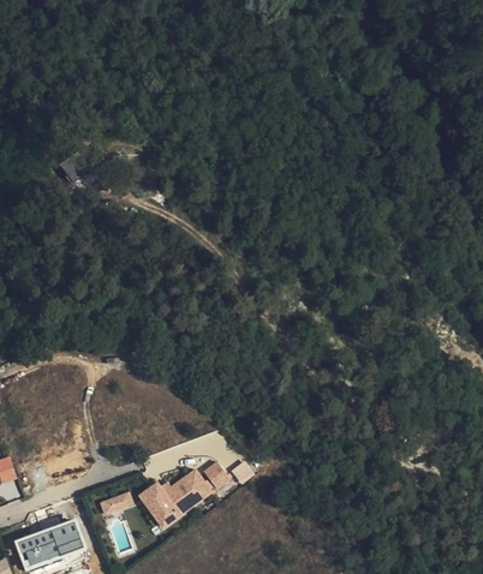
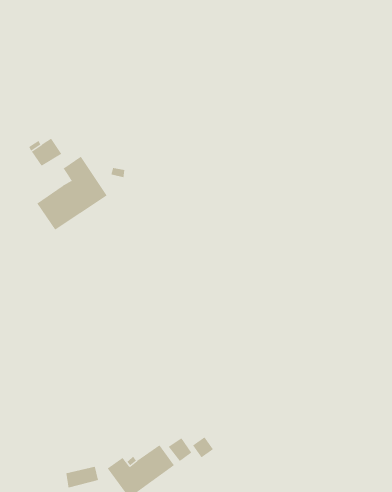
building: none -> [37,156,107,231]

